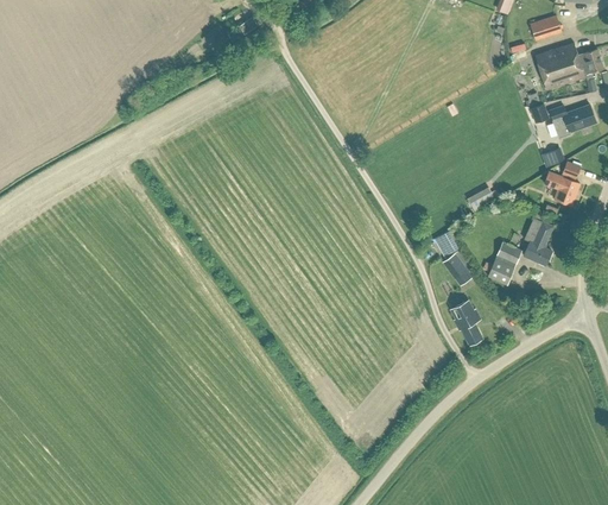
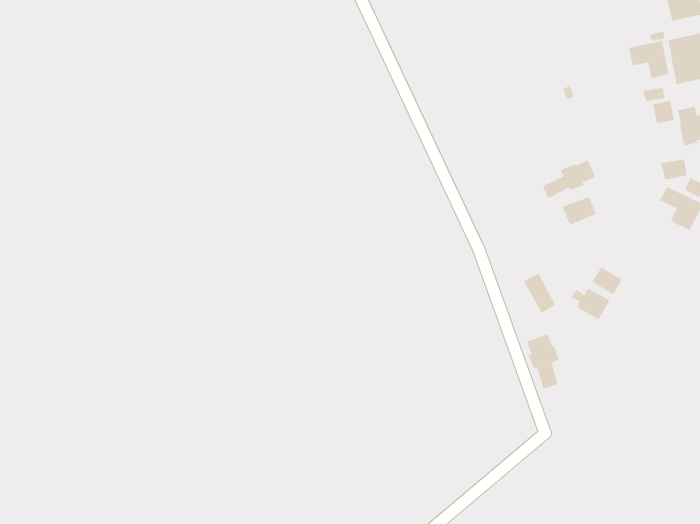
building: none -> [629,40,669,79]
building: none -> [542,159,596,199]
building: [524,217,553,264] -> none

